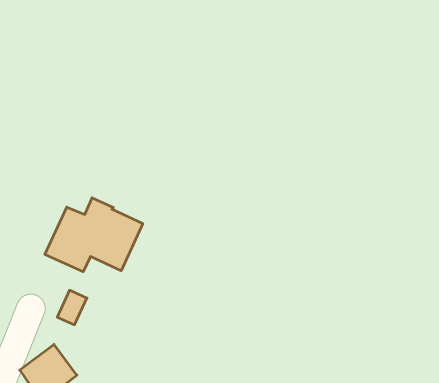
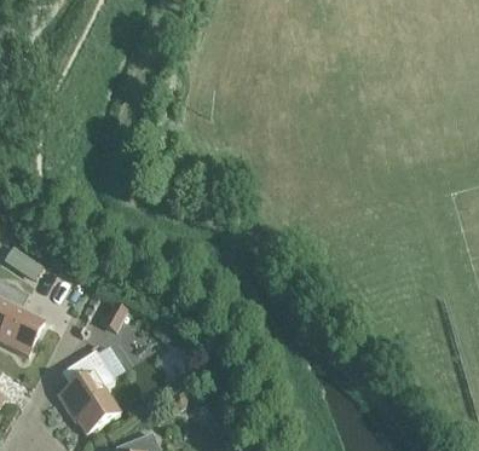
building: [45,198,143,272] -> none

